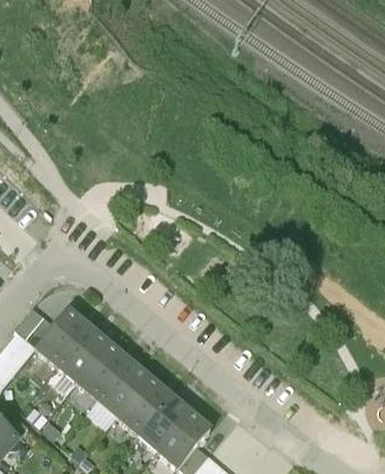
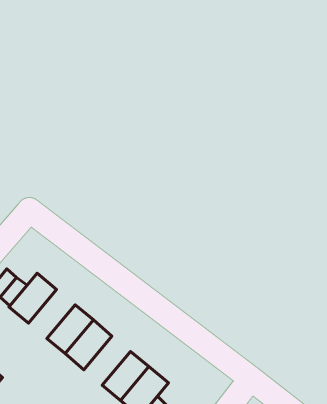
building: [57,329,108,383] -> none
building: [118,380,169,434] -> none

